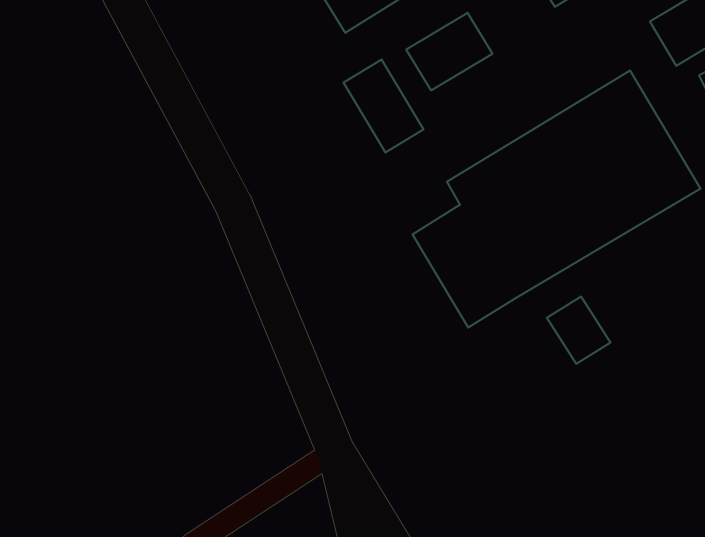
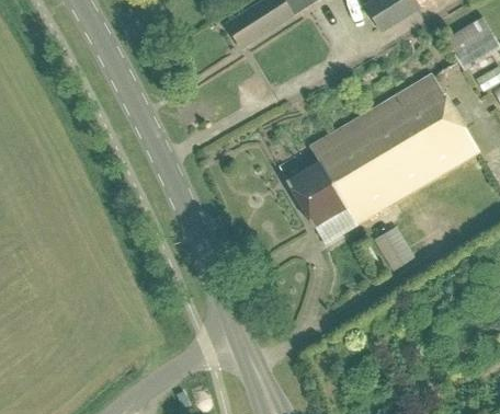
building: [406,13,492,90] -> none
building: [343,59,423,153] -> none

